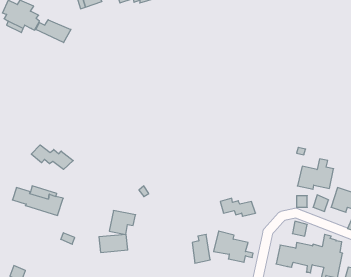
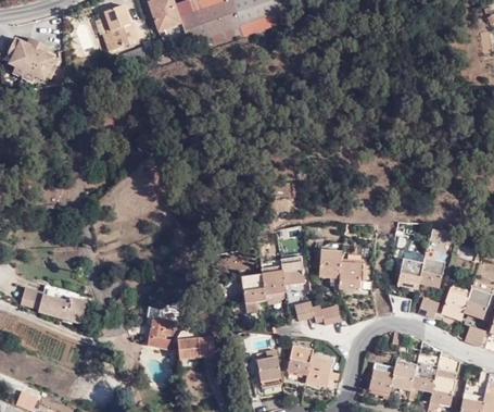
building: [36,20,71,43] -> none
building: [31,145,73,169] -> none
building: none -> [317,249,362,290]
building: none -> [242,255,304,303]
building: [99,234,128,252] -> [176,336,214,360]

